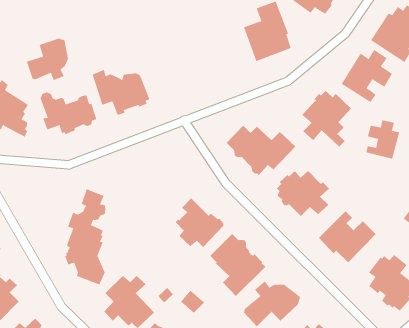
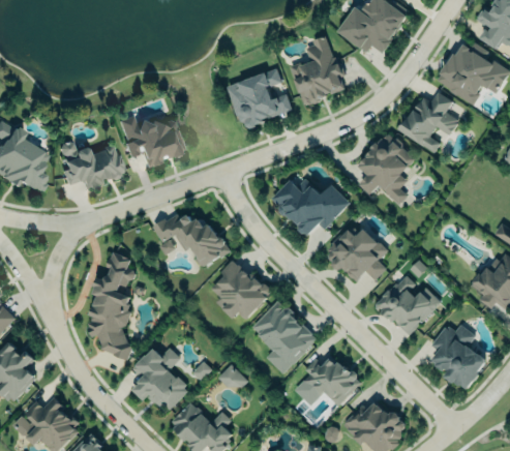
building: none -> [227,67,292,127]
building: [26,38,69,81] -> none
building: [366,119,400,160] -> none
building: none -> [152,213,230,265]

